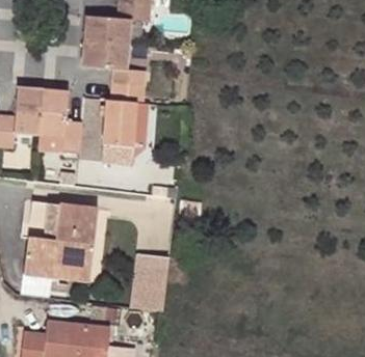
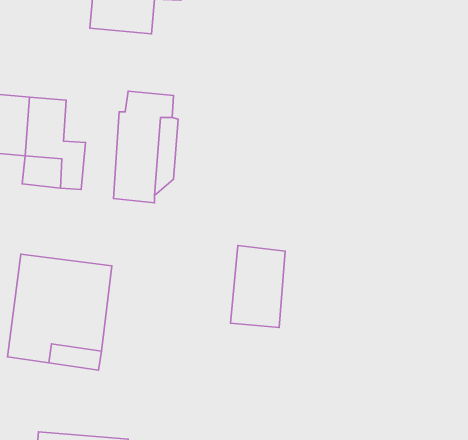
building: [81,39,144,87] -> none
building: [133,250,172,308] -> [231,245,285,328]

